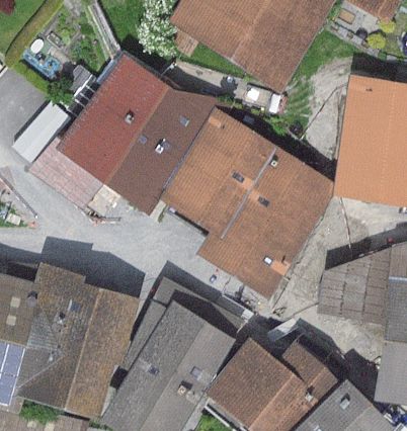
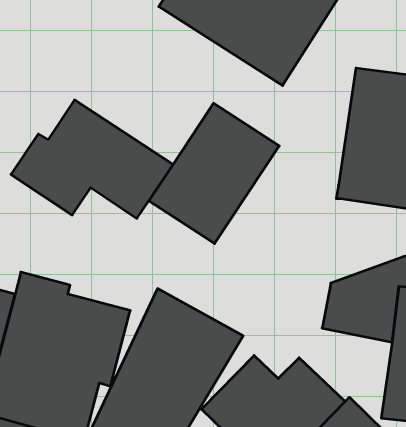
building: [89,54,214,164] -> none
building: [195,147,335,299] -> none

